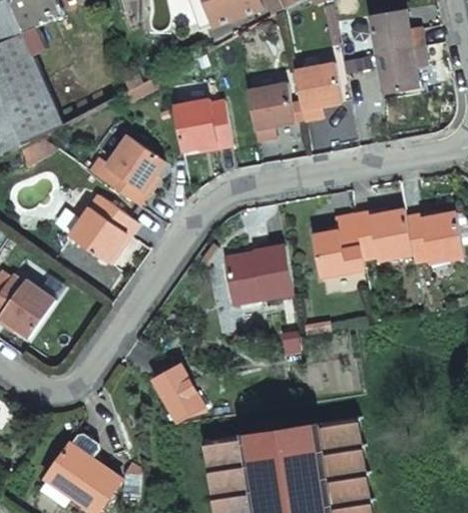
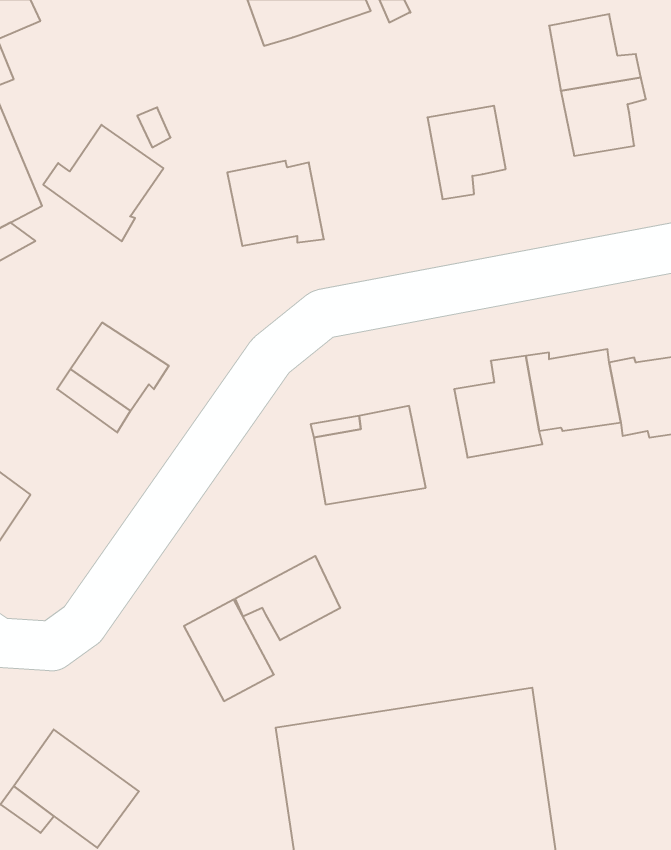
building: [247,83,294,141] -> none
building: [92,133,164,203] -> [43,125,163,241]
building: none -> [235,556,340,640]

